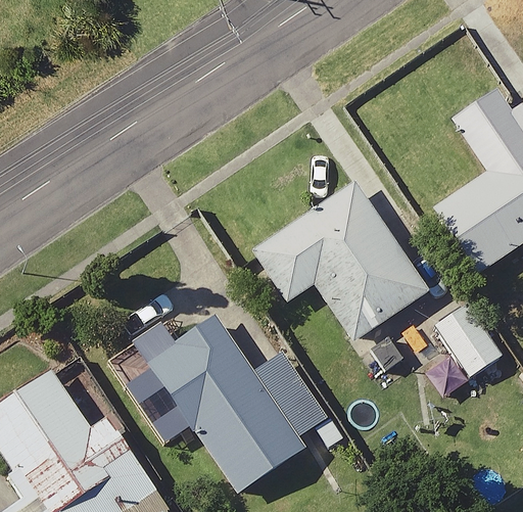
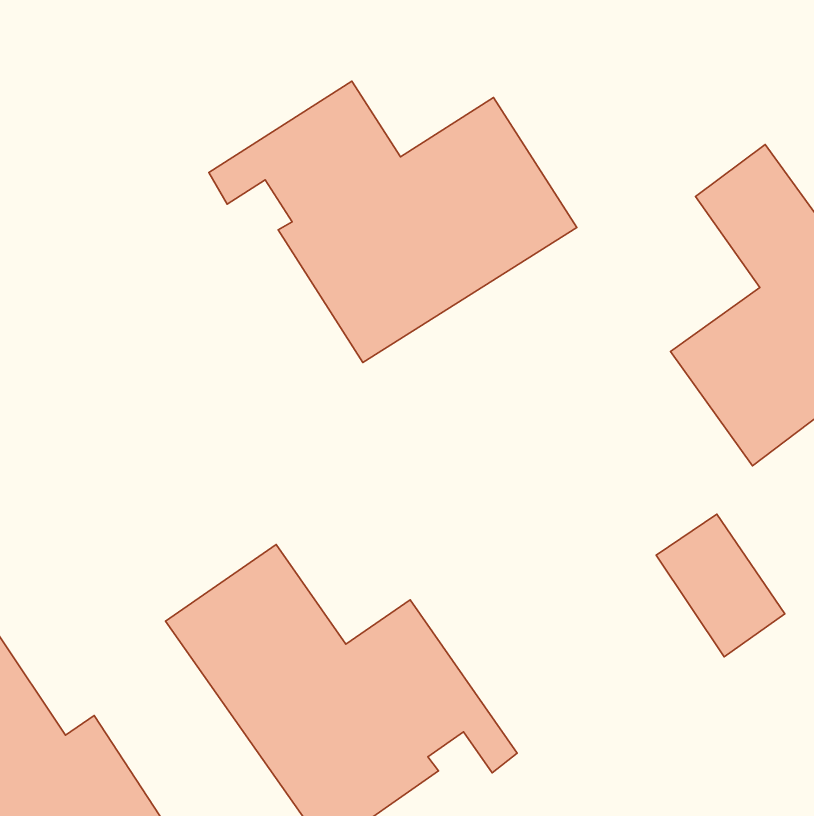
building: none -> [209,81,577,363]
building: [251,181,430,341] -> none

